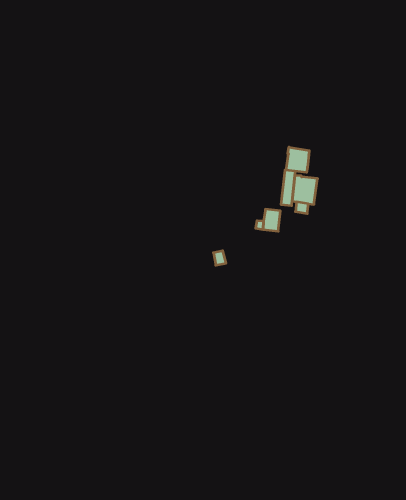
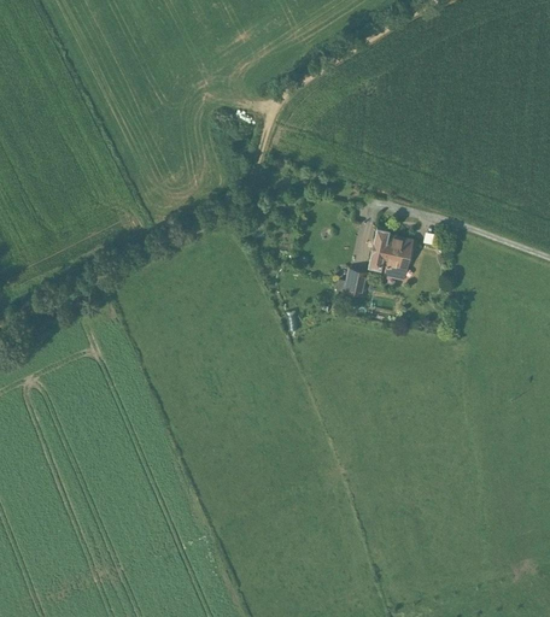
building: [286,147,309,172] -> none

